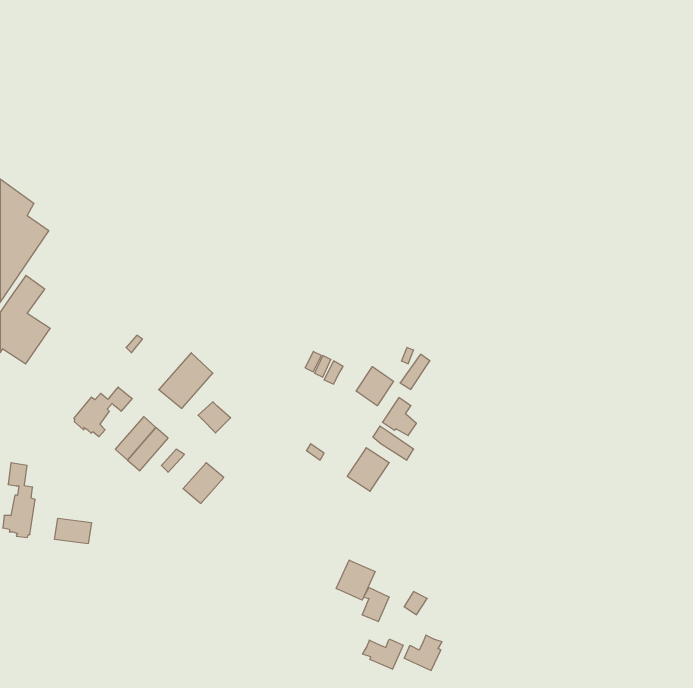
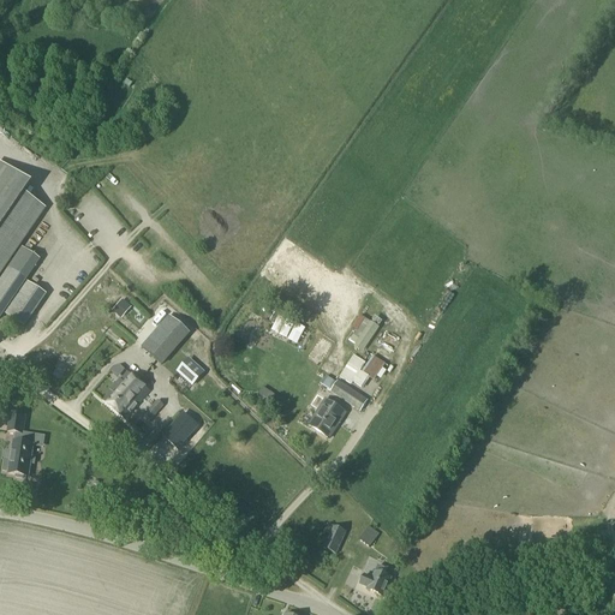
building: [356,367,393,406] -> none
building: [74,387,132,437] -> none
building: [55,518,91,544] -> none
building: [336,560,375,600] -> none
building: [363,639,403,669] -> none

